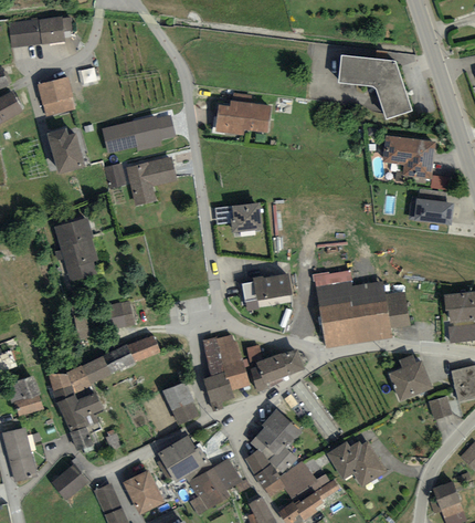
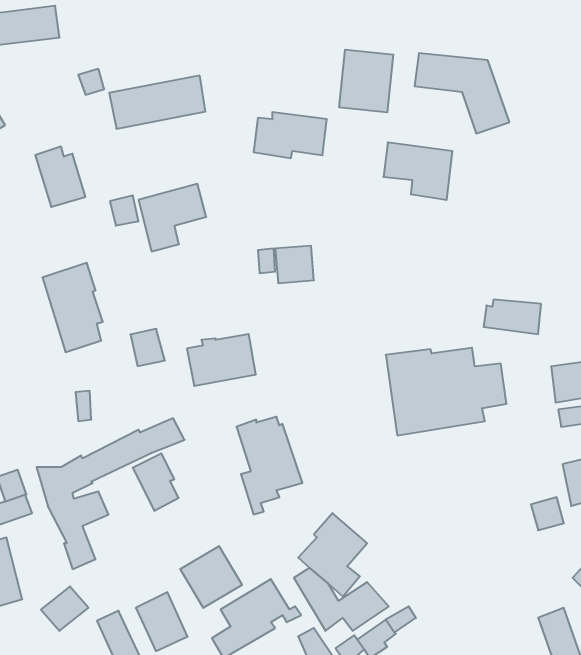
building: none -> [339,50,393,112]
building: [38,77,75,116] -> none
building: [103,112,177,153] -> [109,76,205,129]
building: [382,135,435,179] -> [383,142,452,200]
building: [409,198,453,224] -> [484,300,541,334]
building: [241,272,294,312] -> [187,334,256,386]
building: [108,302,135,331] -> [130,329,165,366]
building: [250,347,305,391] -> none
building: [389,354,433,400] -> none
building: [162,380,198,425] -> [133,453,179,511]
building: [326,440,388,488] -> none

